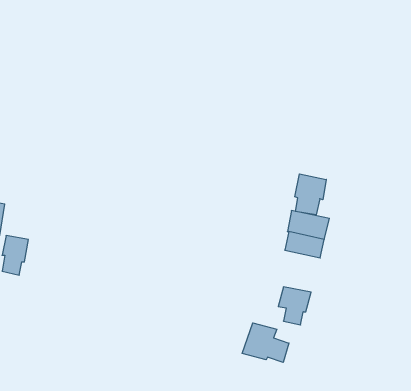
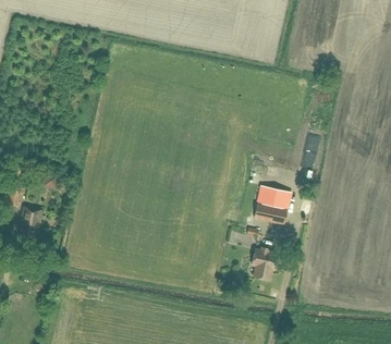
building: [295,174,326,215] -> none
building: [242,323,289,362] -> none

